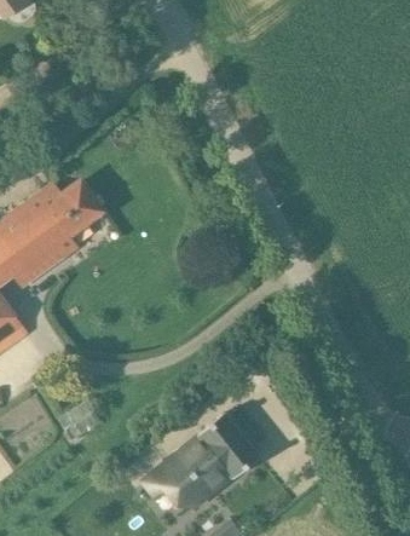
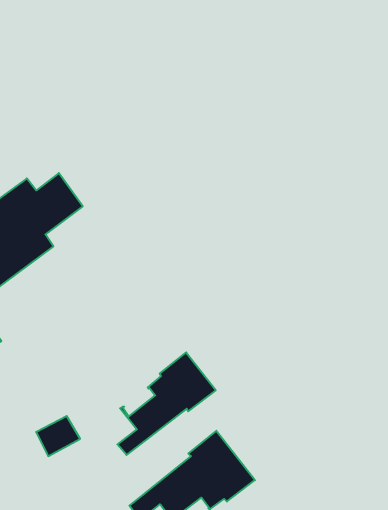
building: none -> [117,352,216,455]

